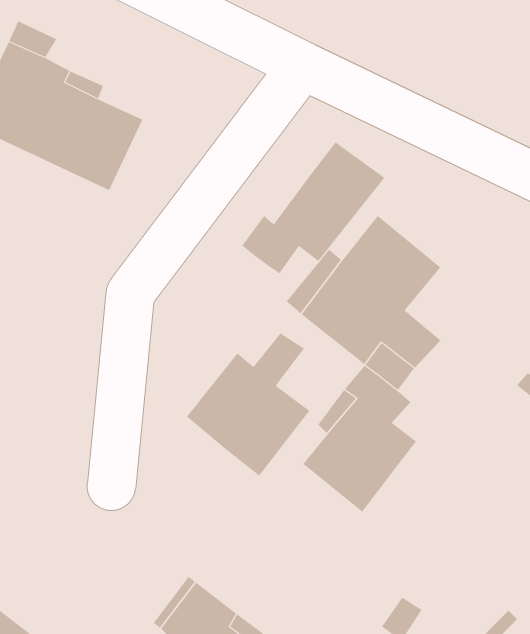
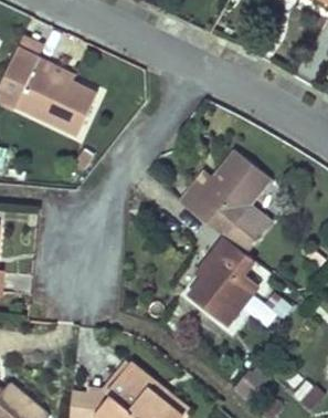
building: [241,142,385,274] -> none
building: [186,333,310,477] -> none

